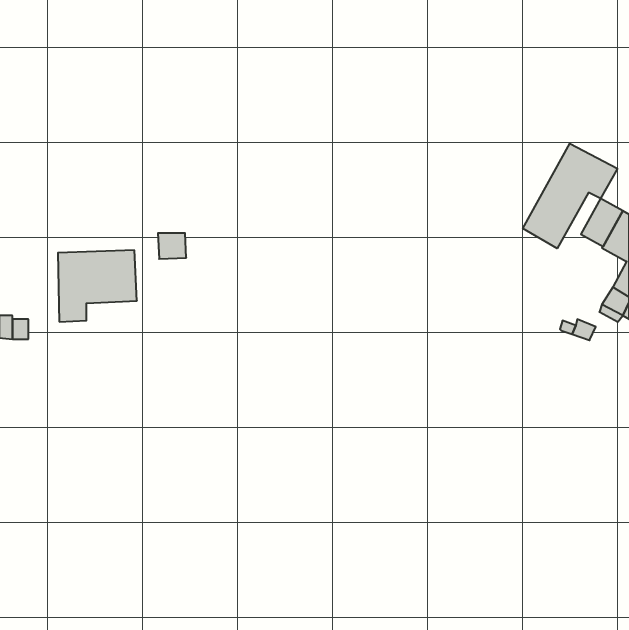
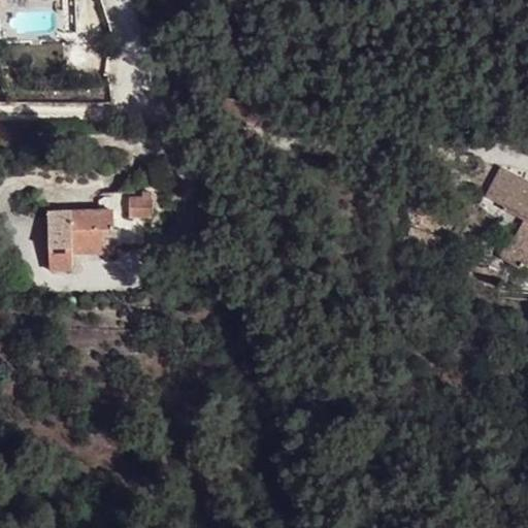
building: [523,144,617,248] -> none

